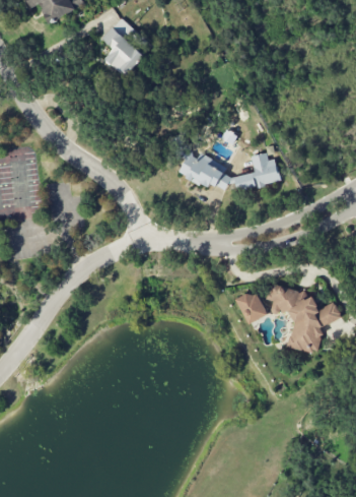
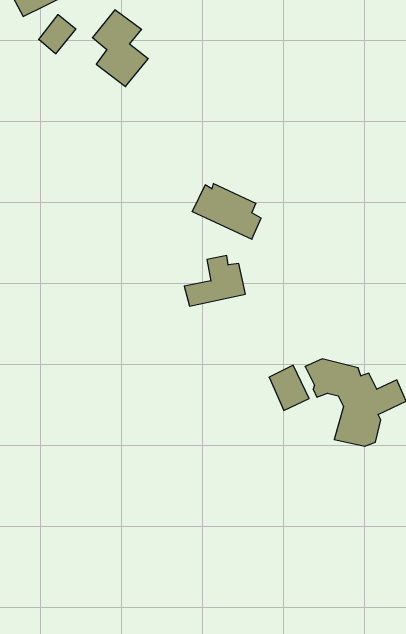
building: none -> [39,15,76,54]
building: [232,152,279,191] -> [184,256,245,306]

